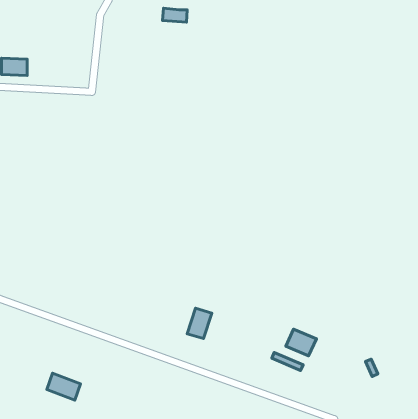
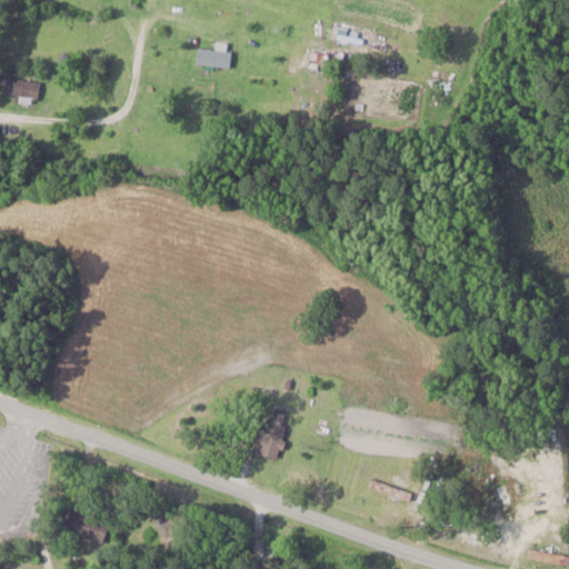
building: [163,8,187,22] -> [196,48,229,67]
building: [286,329,317,356] -> none

